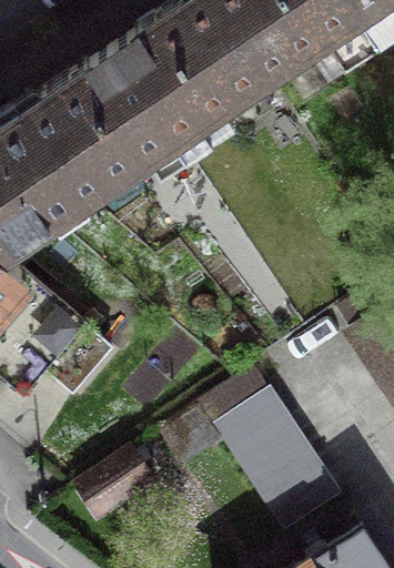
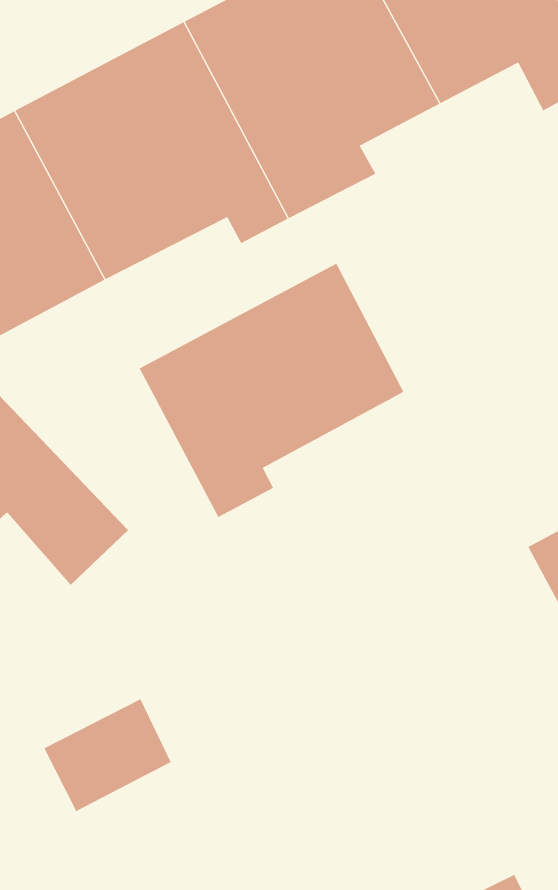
building: none -> [139,263,404,518]
building: [214,387,340,529] -> none

